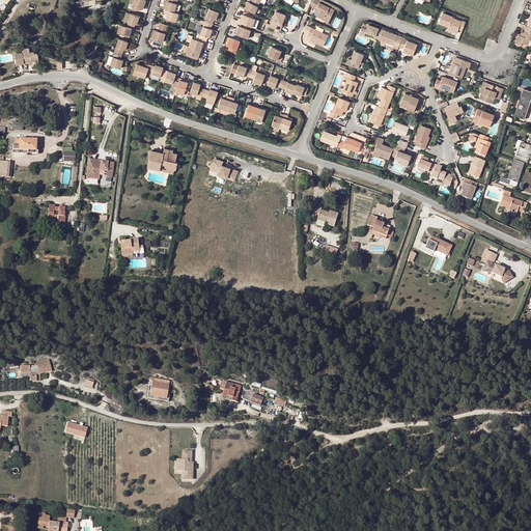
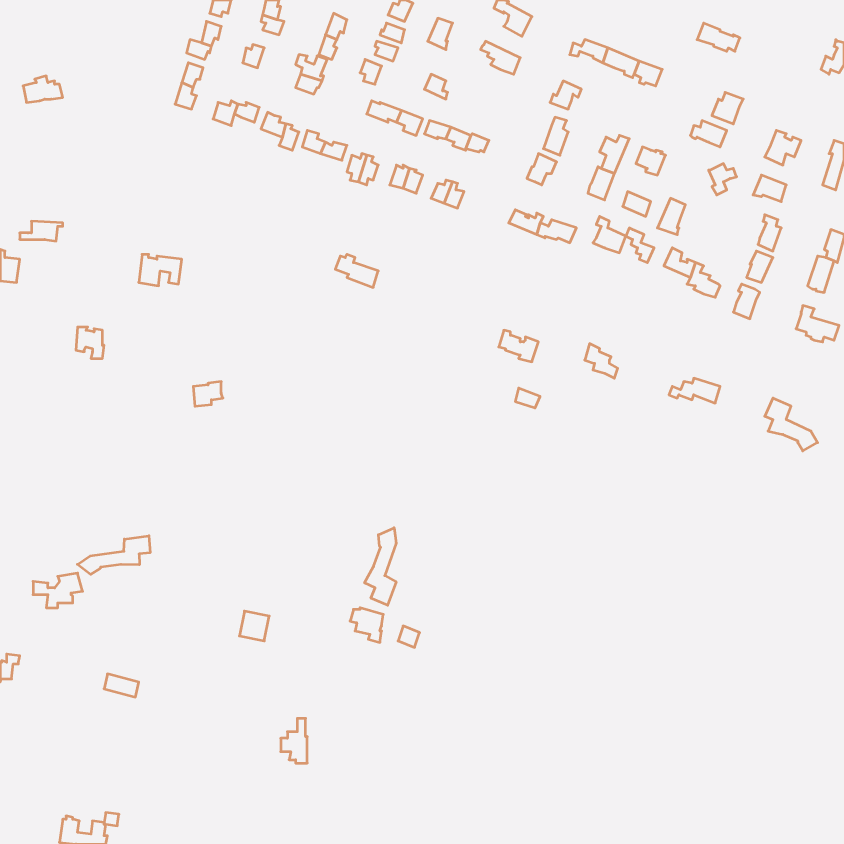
building: [147,148,177,170] -> none
building: none -> [365,528,396,605]
building: none -> [77,536,150,574]

